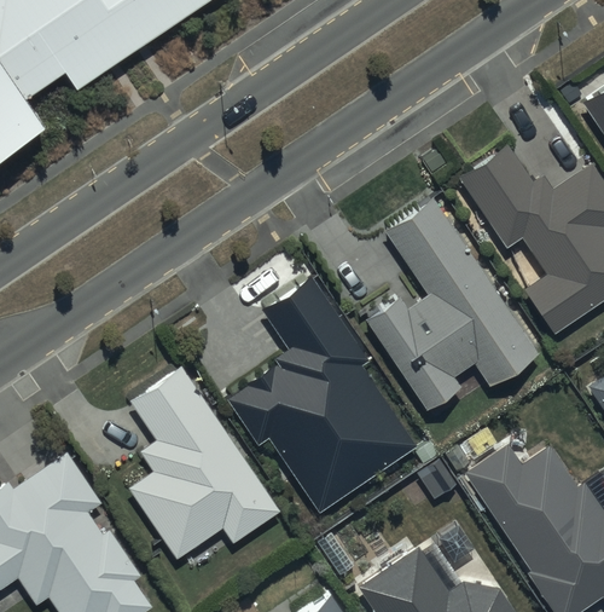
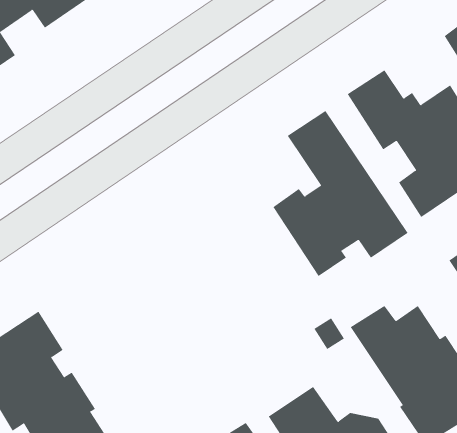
building: [230,277,418,514] -> none
building: [129,366,279,559] -> none

